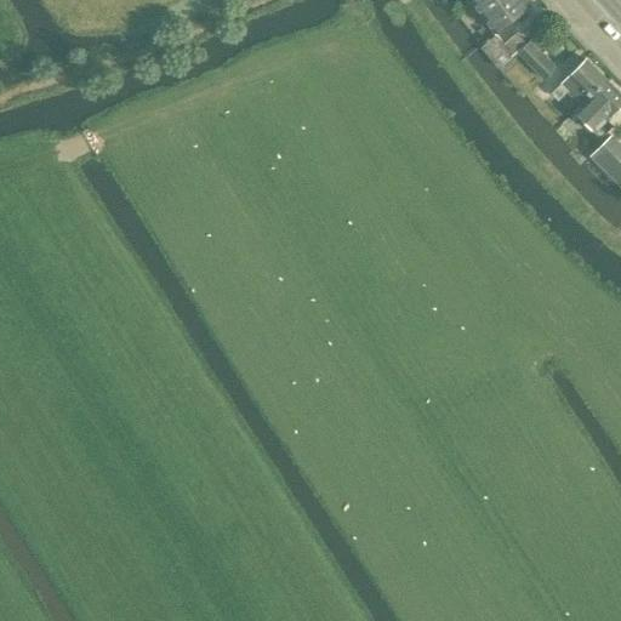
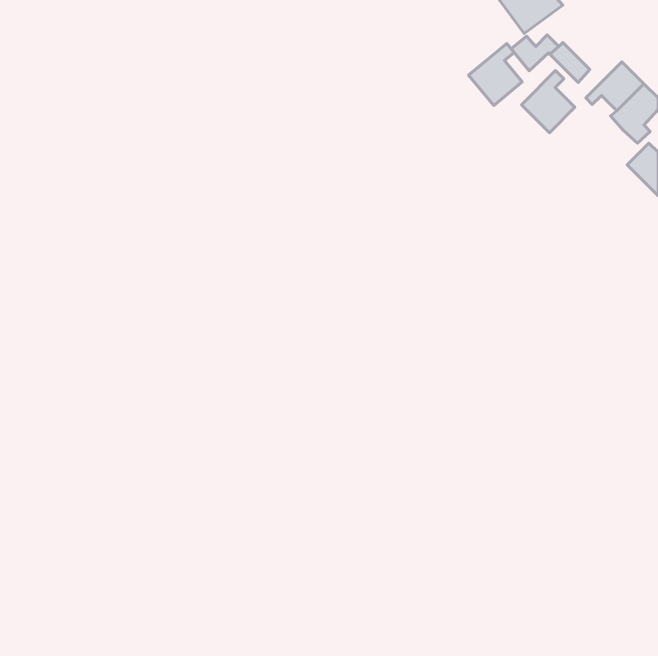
building: none -> [469,44,522,105]
building: none -> [521,71,575,133]

